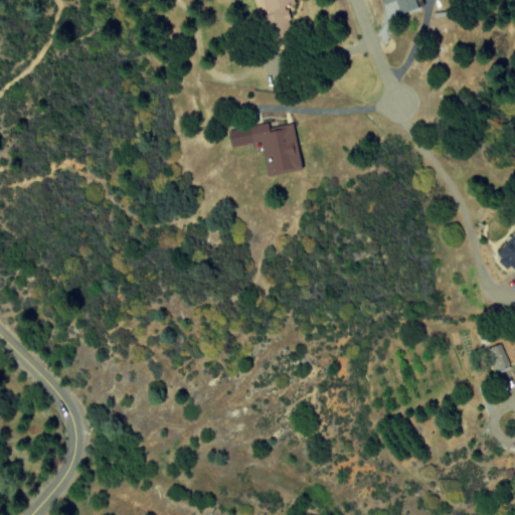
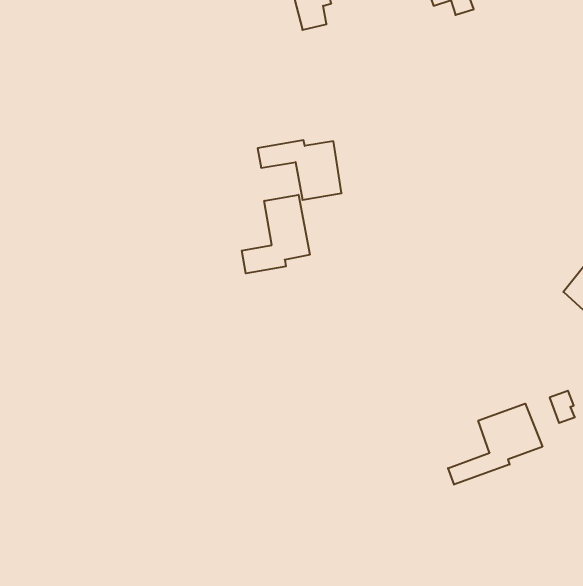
building: none -> [242,195,310,273]
building: none -> [448,404,542,485]

